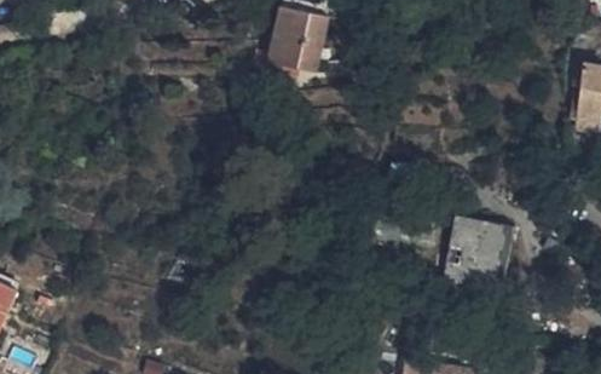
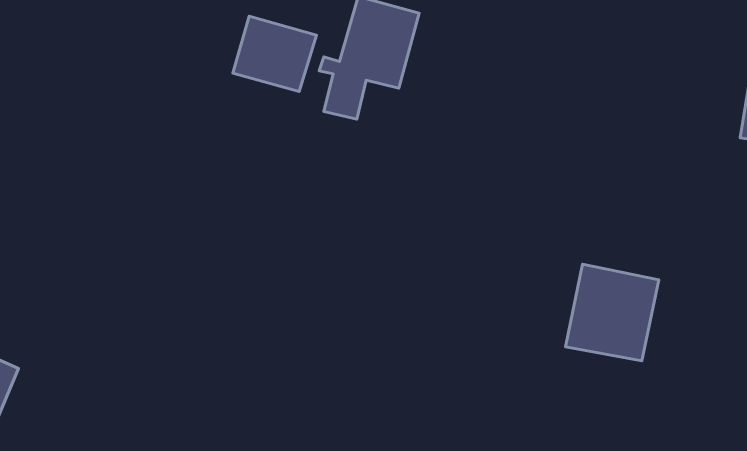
building: none -> [233,16,316,92]

